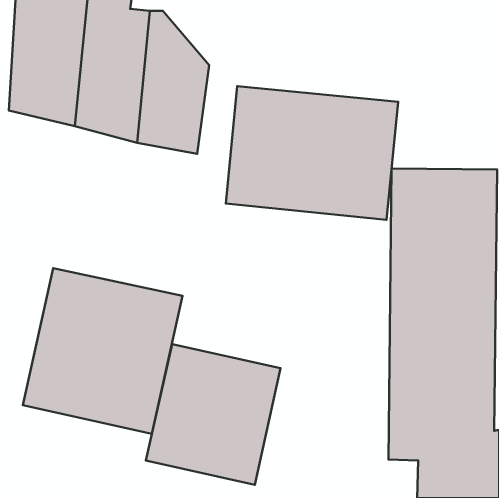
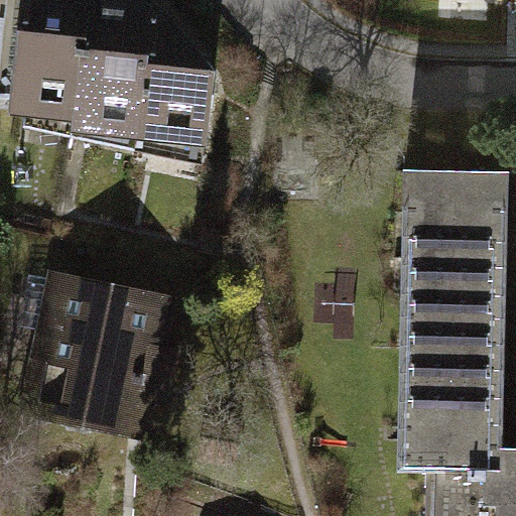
building: [226,86,398,220] -> none
building: [146,344,281,485] -> none

